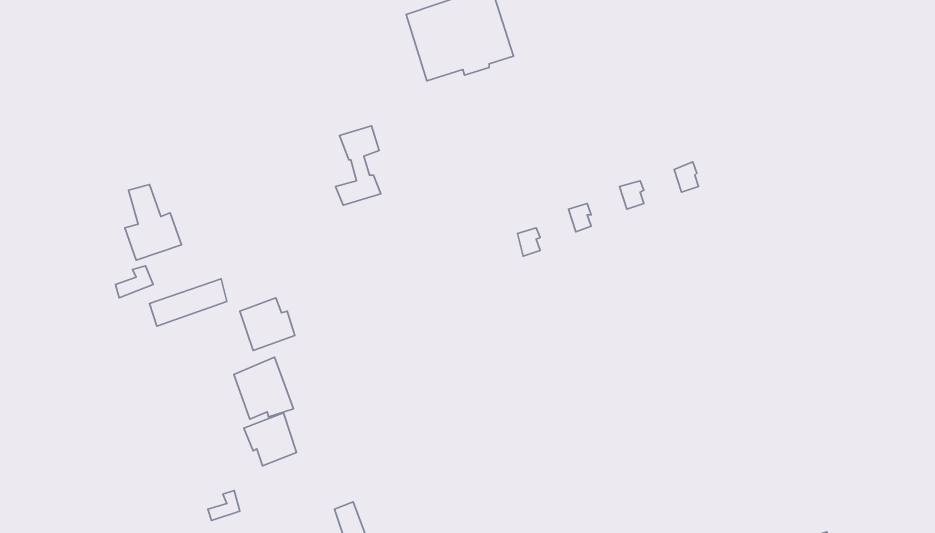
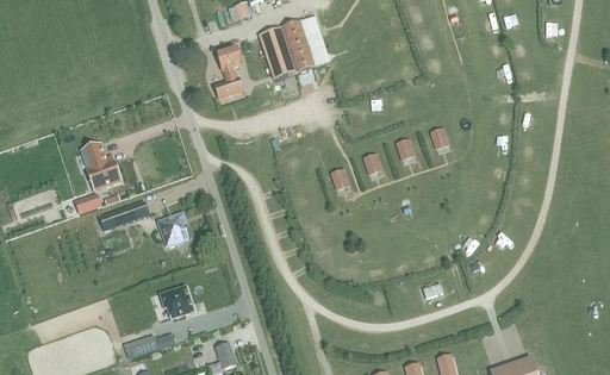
building: [336,126,381,205] -> [213,45,242,95]
building: [234,357,293,419] -> none

